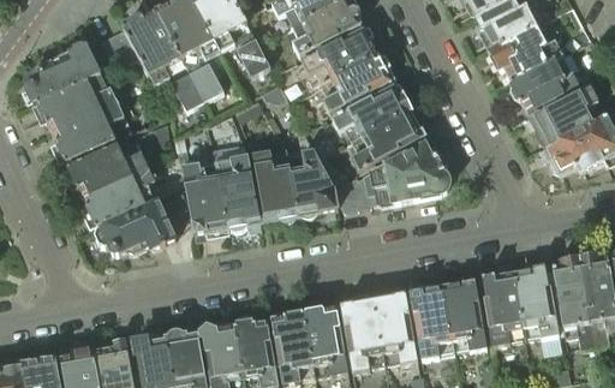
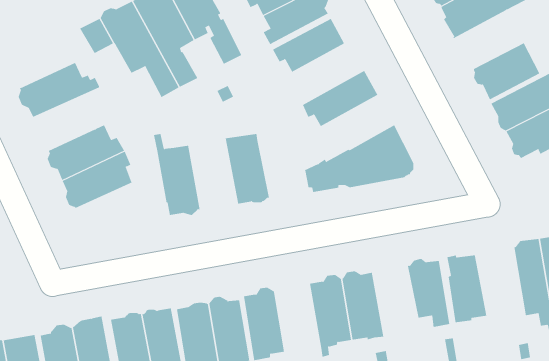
building: [490,19,563,80] -> none
building: [28,43,101,103] -> none
building: [322,54,396,113] -> none
building: [53,97,133,161] -> none
building: [352,108,426,171] -> none
building: [213,142,261,229] -> none
building: [287,149,339,216] -> none
building: [95,198,175,252] -> none
building: [513,265,559,338] -> none
building: [410,281,453,358] -> none
building: [304,304,348,375] -> none

